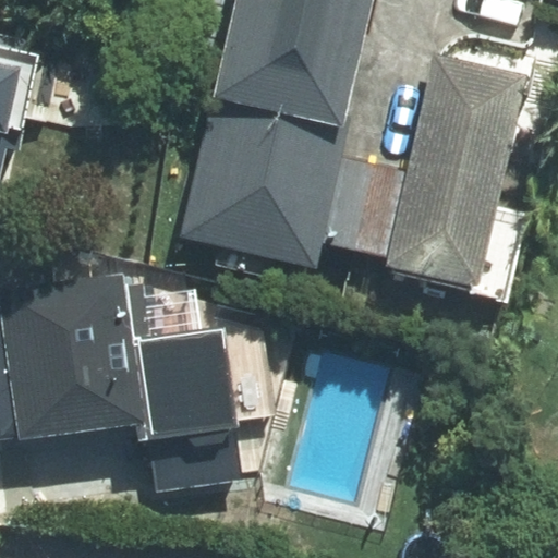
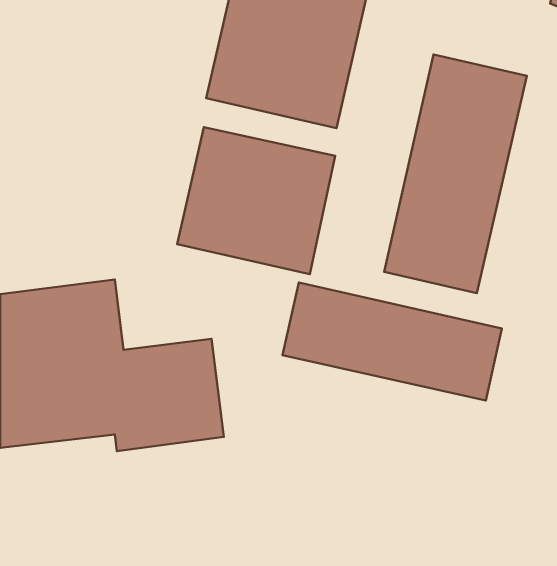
building: none -> [282,282,502,401]

